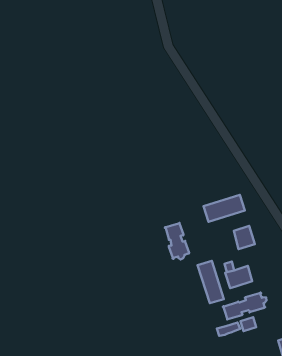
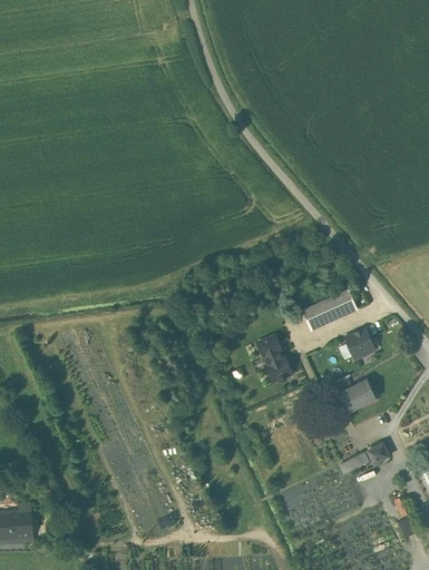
building: [198,261,224,303] -> none
building: [223,293,266,320] -> none

